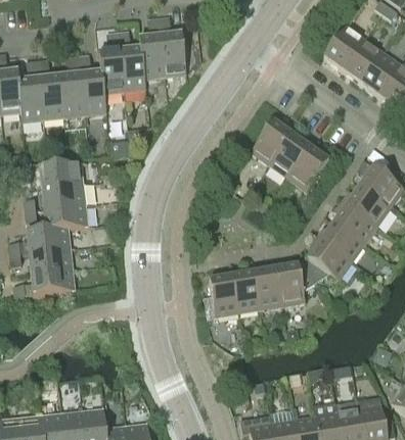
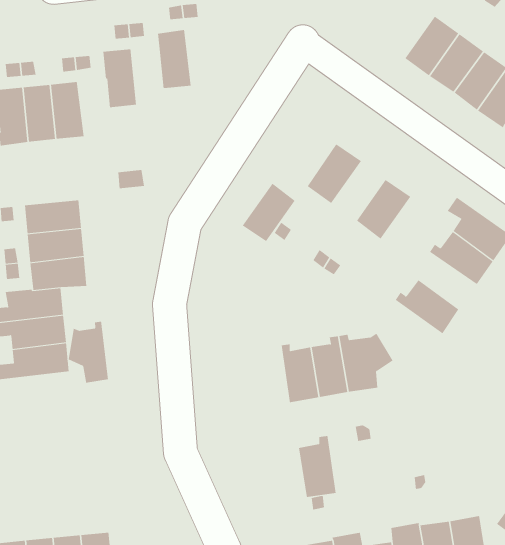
building: [160,33,186,77] -> none
building: [120,47,145,91] -> none
building: [80,71,106,114] -> none
building: [269,133,309,177] -> [242,183,295,242]
building: [333,200,377,243] -> none
building: [303,236,352,281] -> none
building: none -> [68,321,108,383]
building: [209,270,237,315] -> [298,436,336,497]

